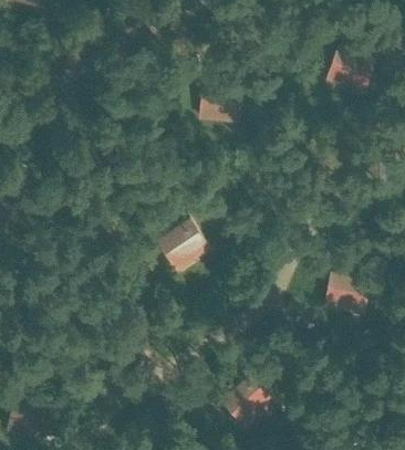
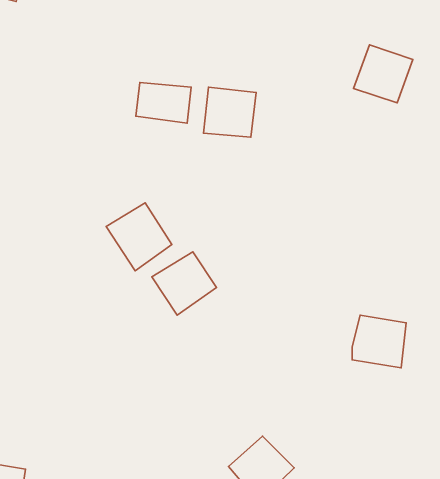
building: none -> [136,83,191,123]
building: none -> [106,203,172,271]

